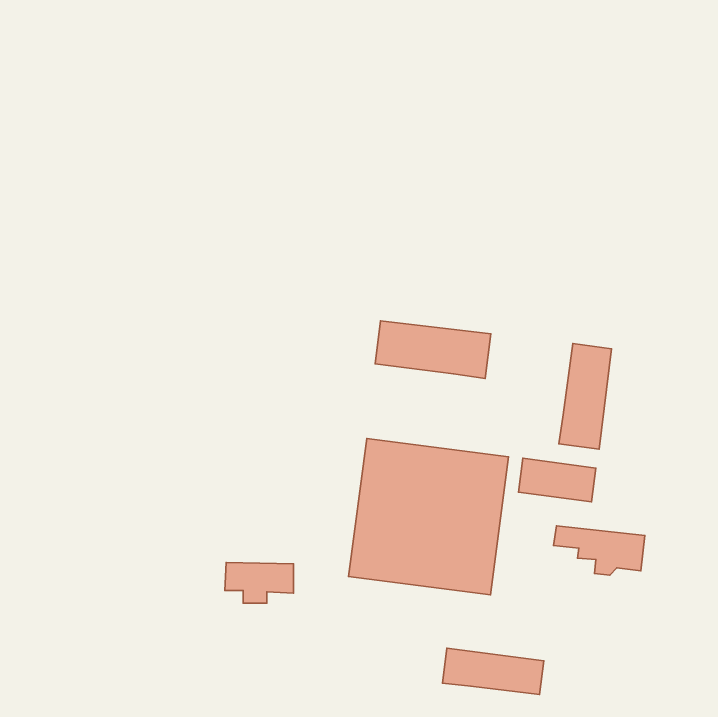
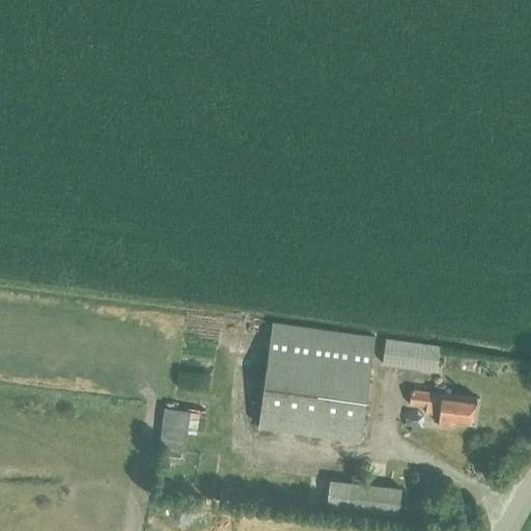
building: [375,321,491,379] -> none
building: [559,344,611,449] -> none

